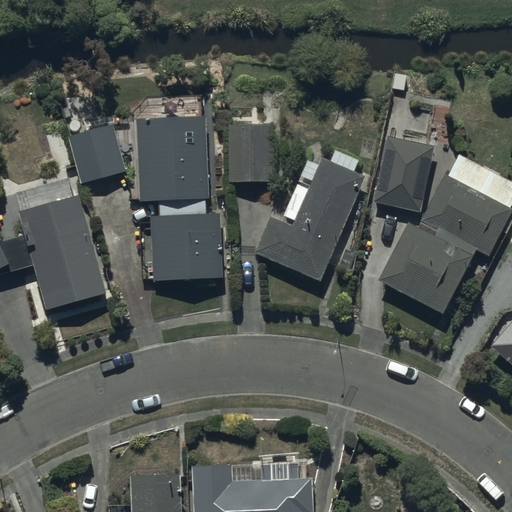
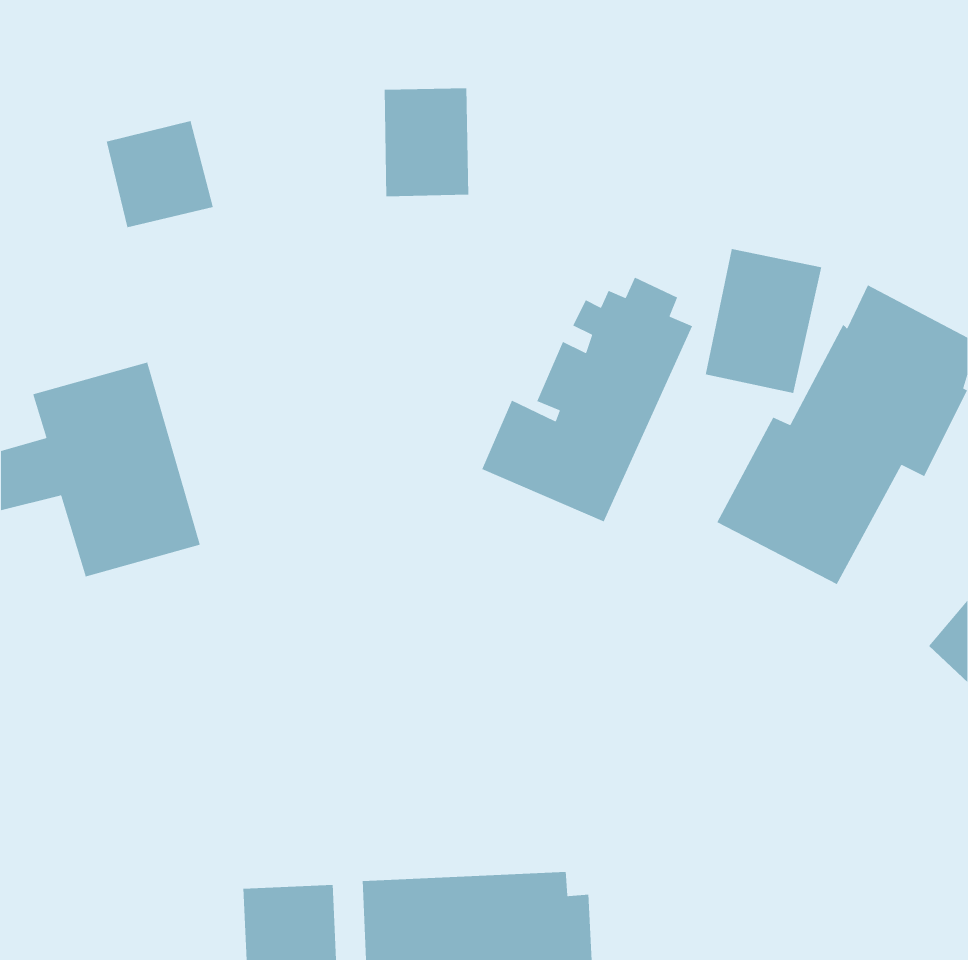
building: [136,111,222,281] -> none
building: [228,124,273,182] -> [384,87,469,197]
building: [68,125,125,182] -> [106,120,214,228]

